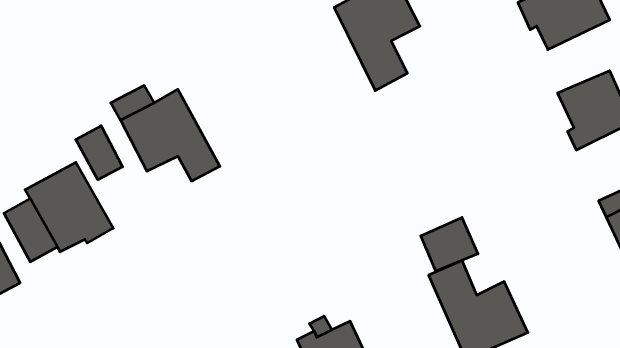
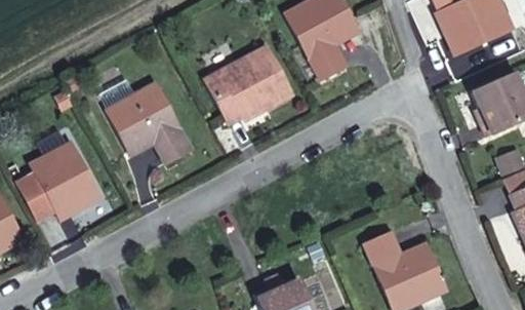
building: none -> [204,47,294,127]
building: [76,126,123,180] -> none
building: [421,217,478,271] -> none

